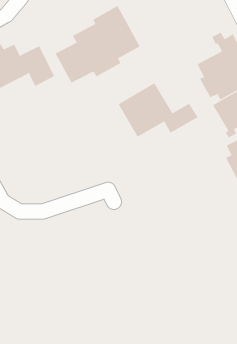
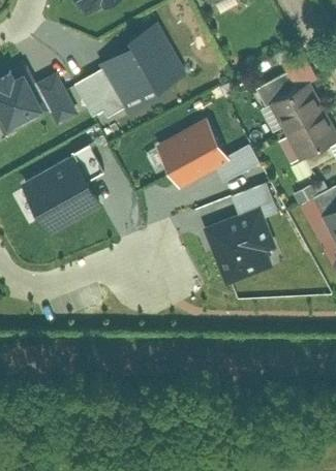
building: none -> [20,139,105,231]
building: none -> [205,182,279,284]

